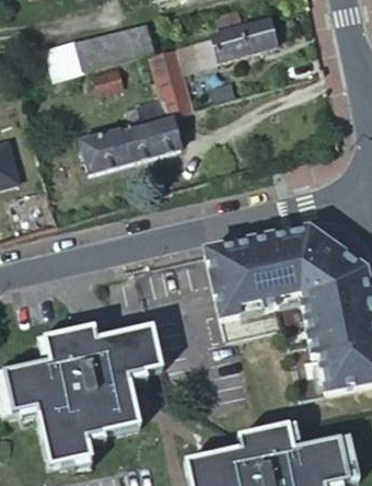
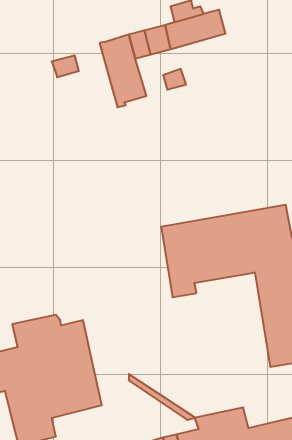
building: [45,24,149,76] -> none
building: [78,99,177,172] -> none
building: [125,335,166,383] -> none

